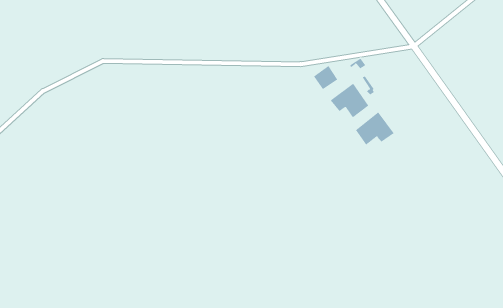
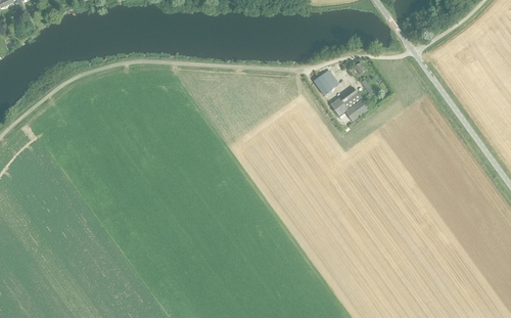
building: [355,112,394,145] -> none

